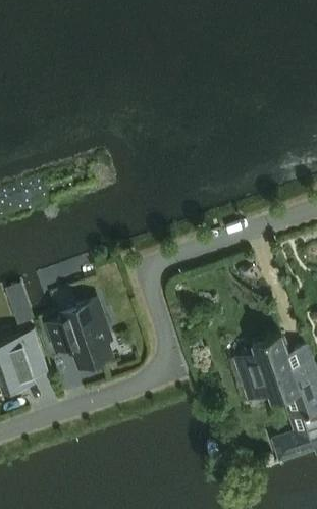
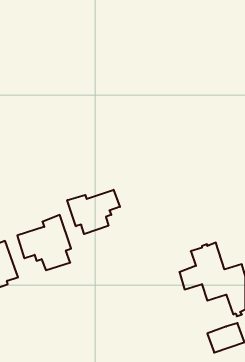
building: none -> [67,190,120,234]

